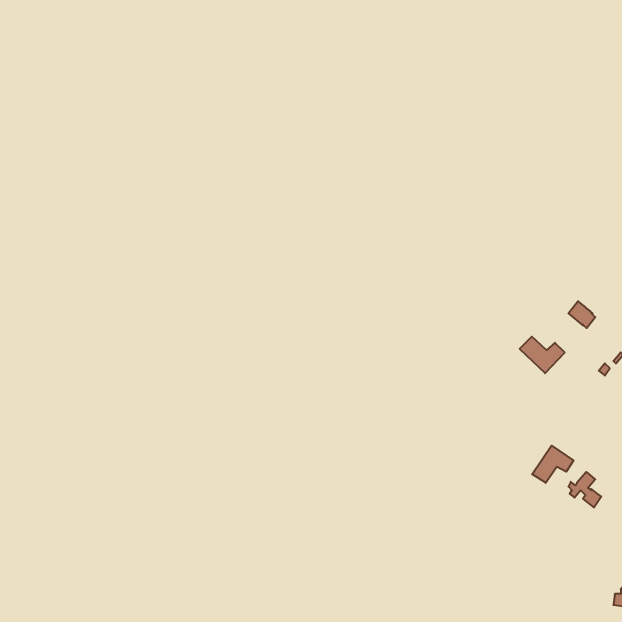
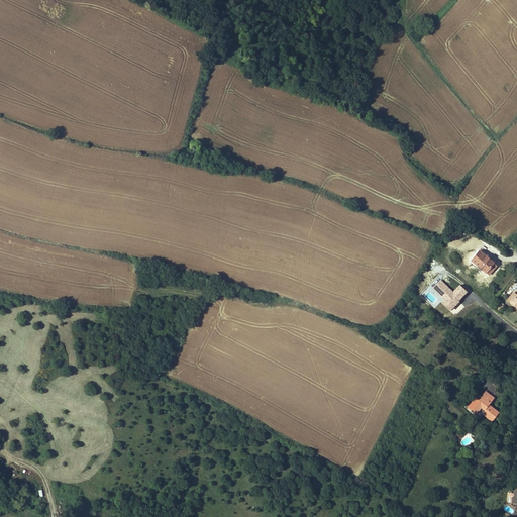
building: [532,446,573,483] -> none

